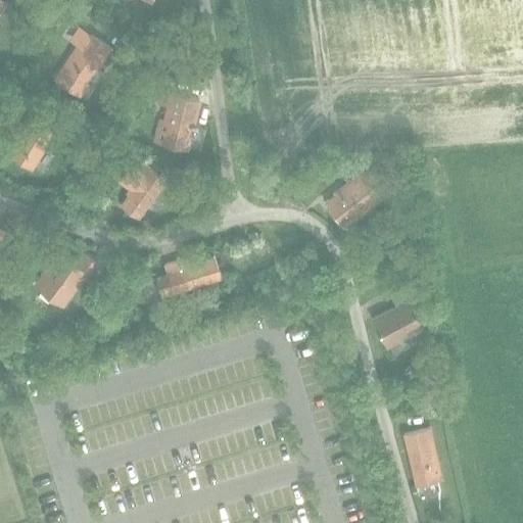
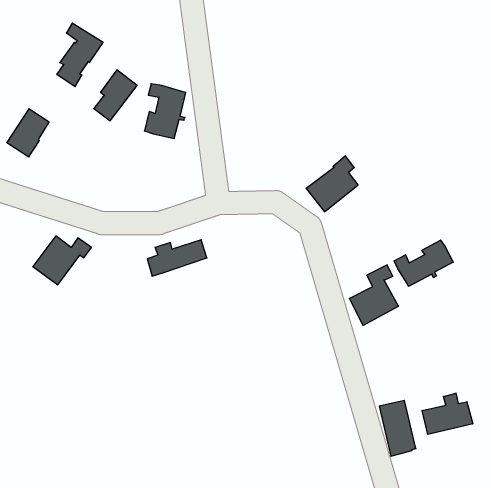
building: [122,165,168,220] -> [94,70,137,121]
building: none -> [394,240,453,286]
building: none -> [422,393,473,434]

